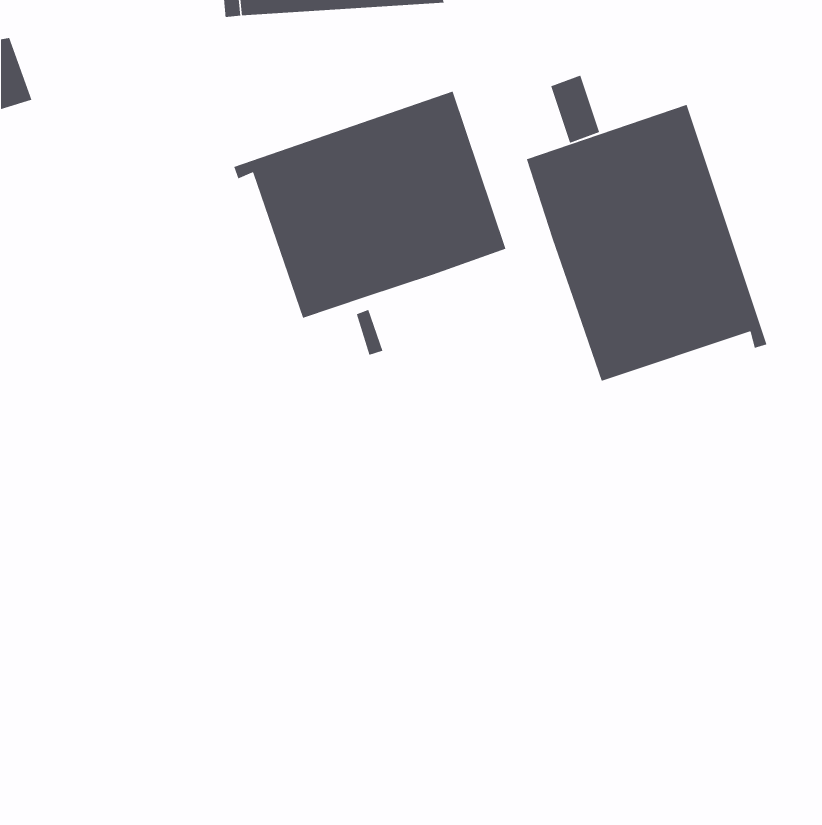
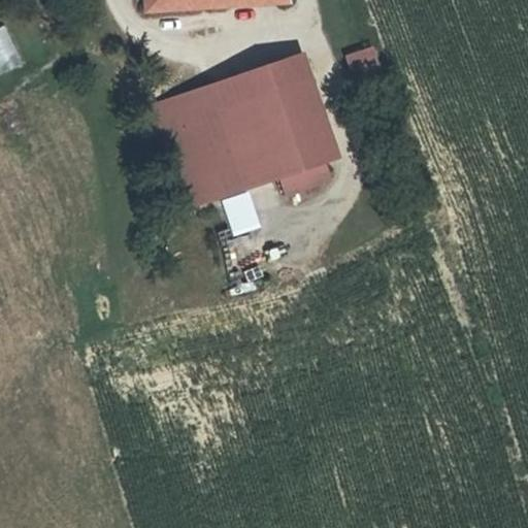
building: [526,104,767,382] -> none
building: none -> [279,159,333,196]

